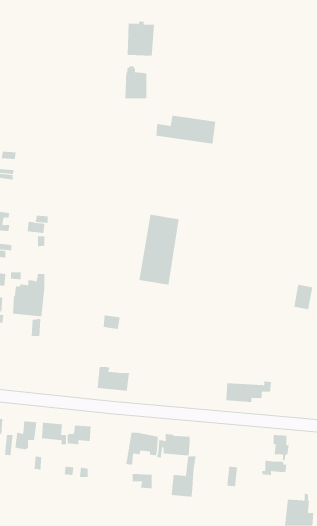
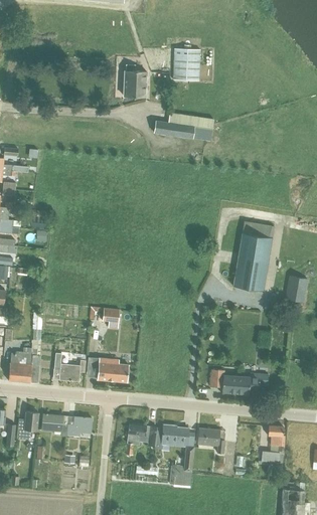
building: [127,21,155,56] -> [173,46,200,80]
building: [138,214,180,285] -> [233,220,274,290]
building: [12,274,45,317] -> [8,341,40,383]
building: none -> [53,353,86,381]
building: none -> [197,427,225,454]

